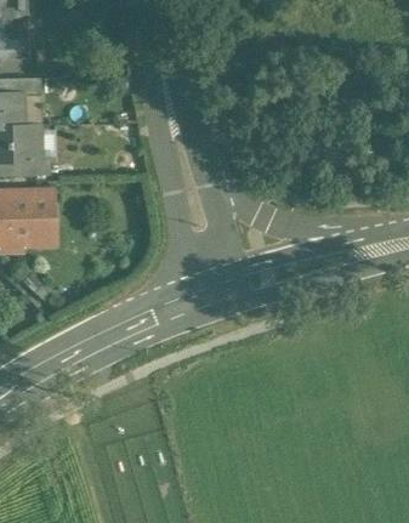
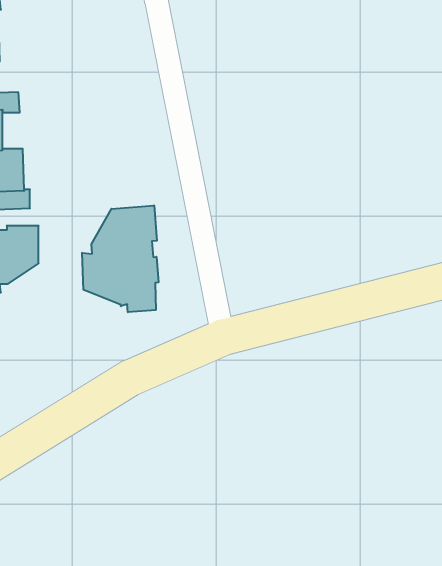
building: none -> [82,205,158,312]

